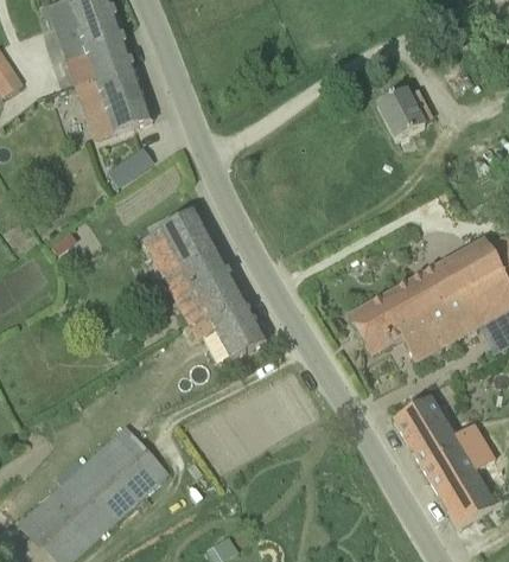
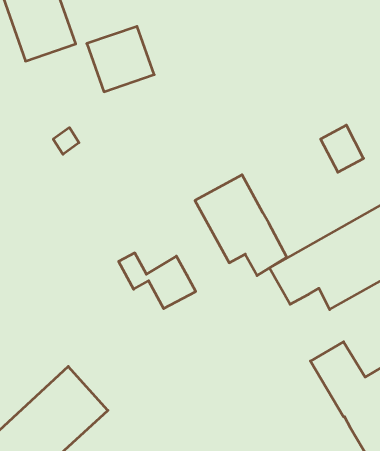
building: [77,66,152,139] -> [87,26,154,92]
building: [376,89,424,141] -> [321,125,364,172]
building: [142,210,244,321] -> [195,175,287,276]

